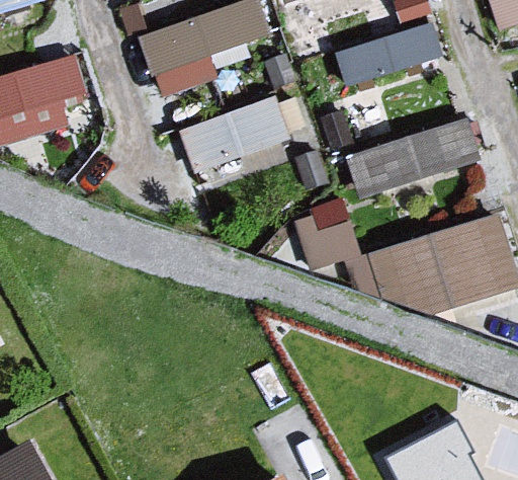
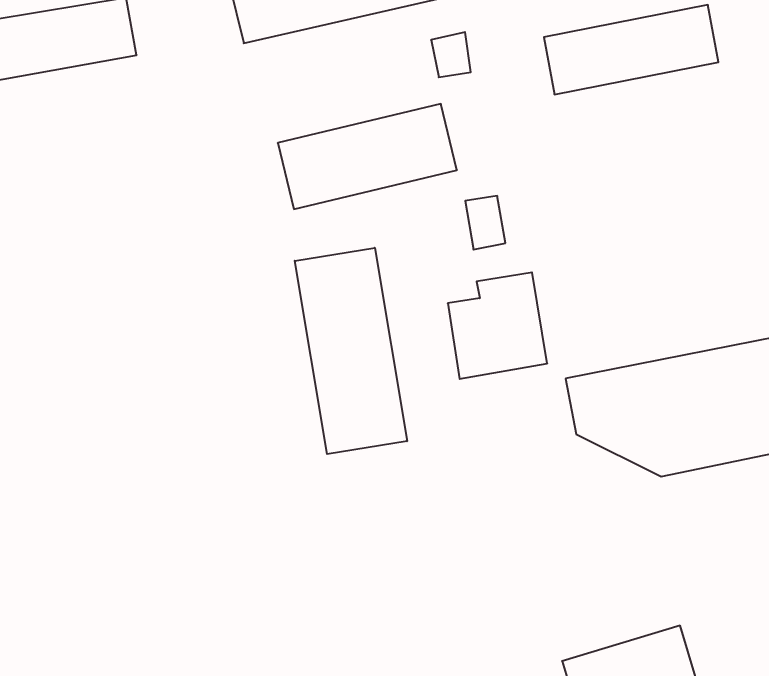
building: [348,119,480,196] -> none
building: none -> [295,248,407,454]

